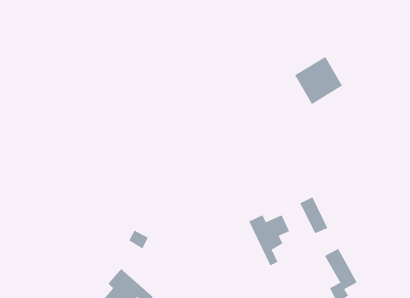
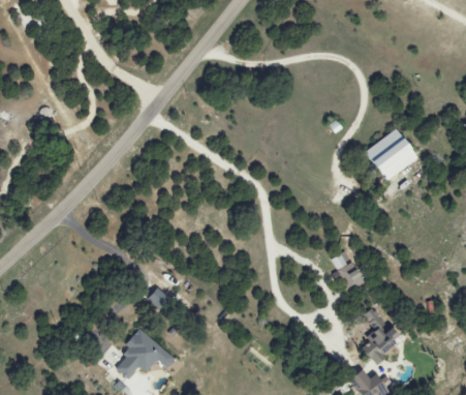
building: [294,56,343,105] -> [364,130,416,183]
building: [249,215,290,266] -> none

